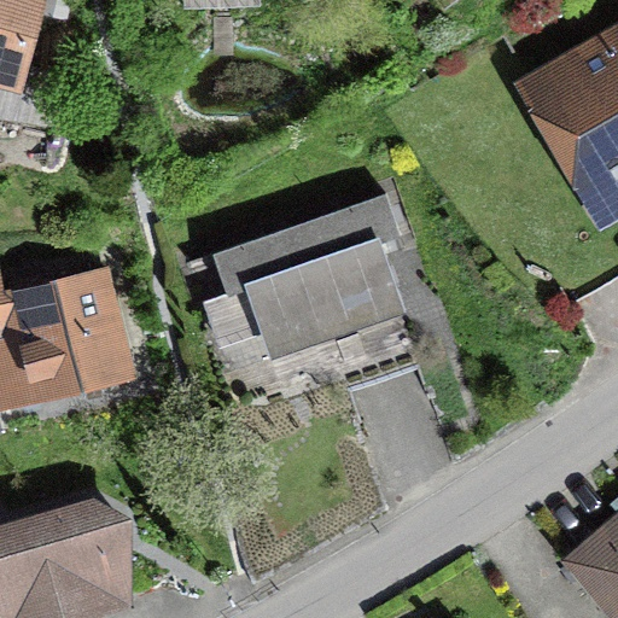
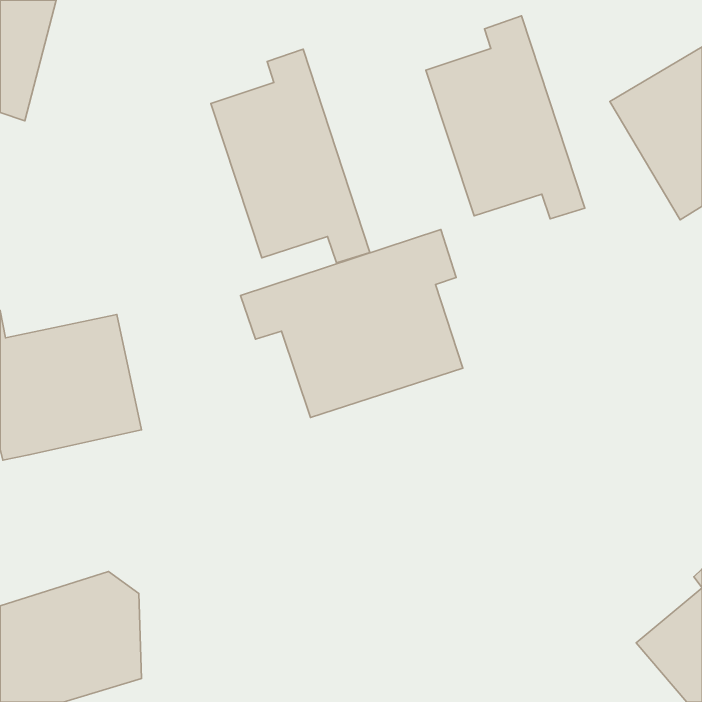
building: none -> [426,16,585,219]
building: none -> [211,49,370,263]

